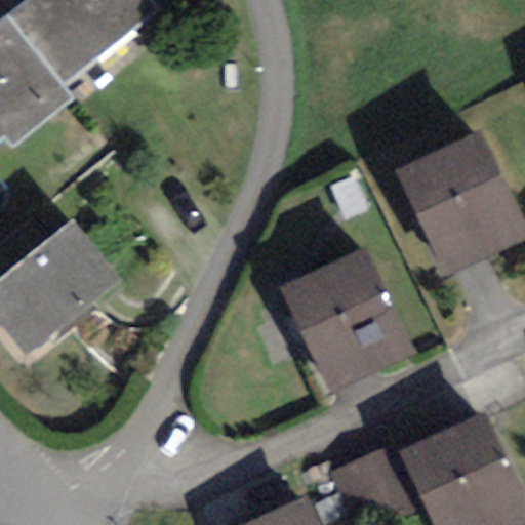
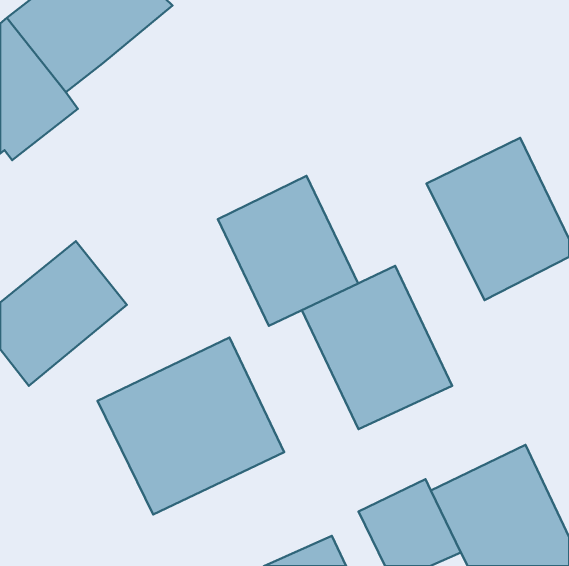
building: none -> [218,176,358,326]
building: none -> [98,338,284,515]

